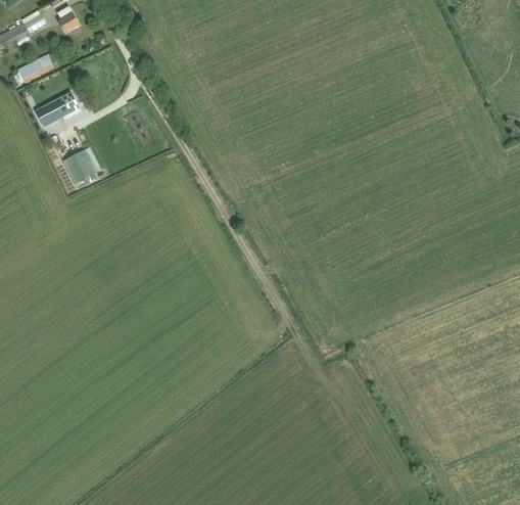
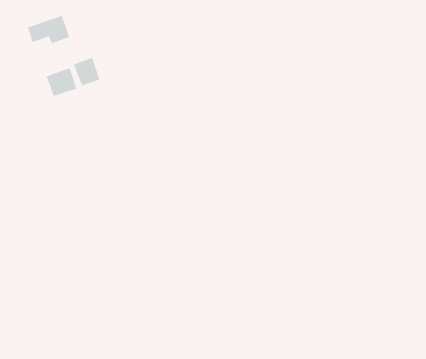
building: none -> [73,57,100,86]

